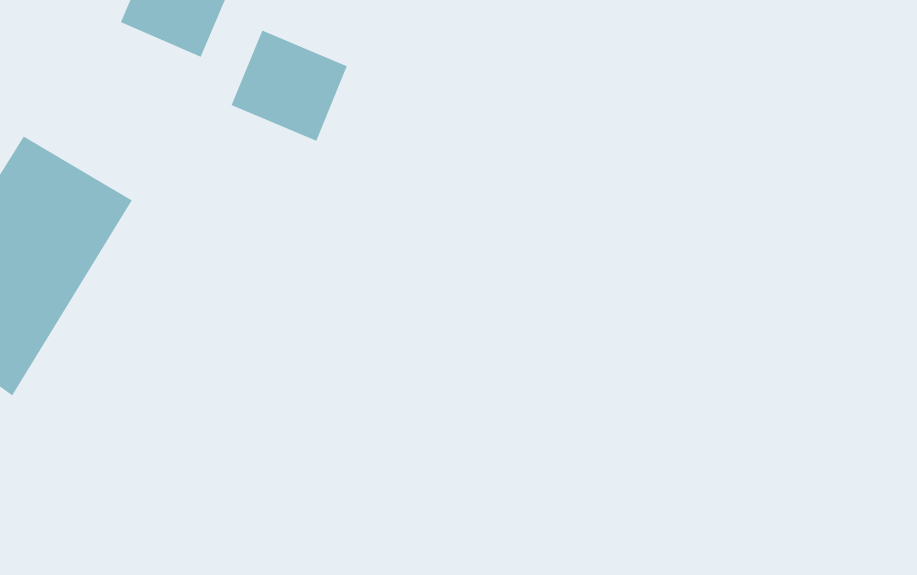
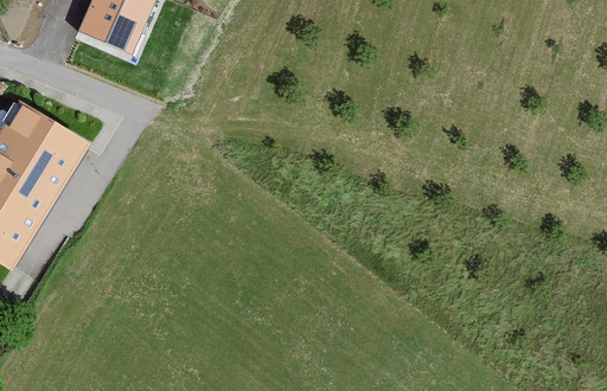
building: [230,30,348,142] -> none

